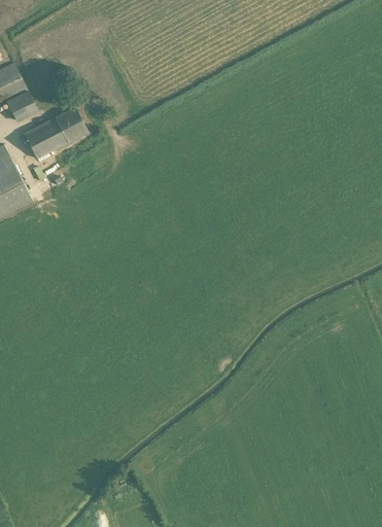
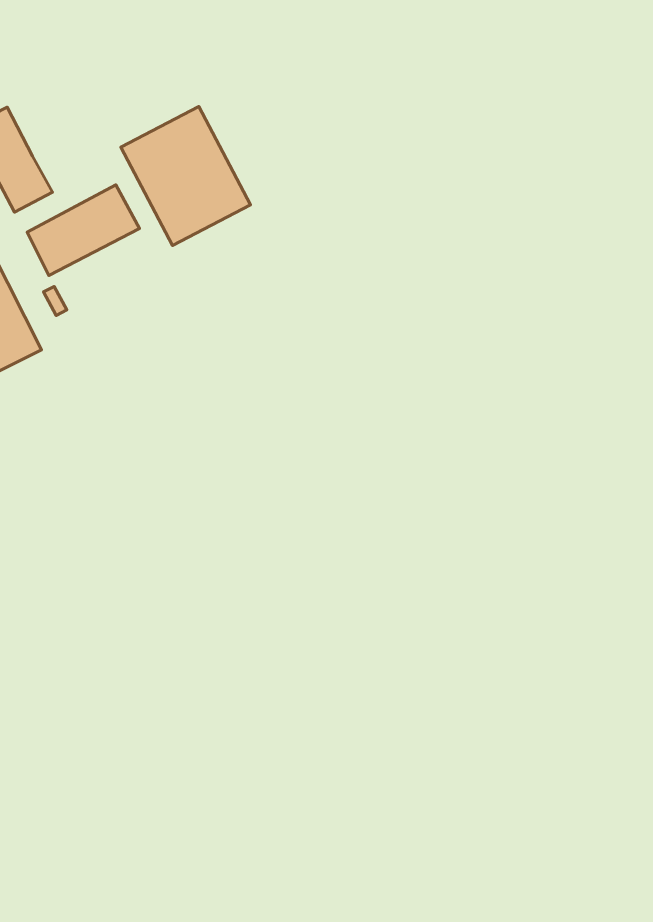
building: none -> [121,107,250,245]

